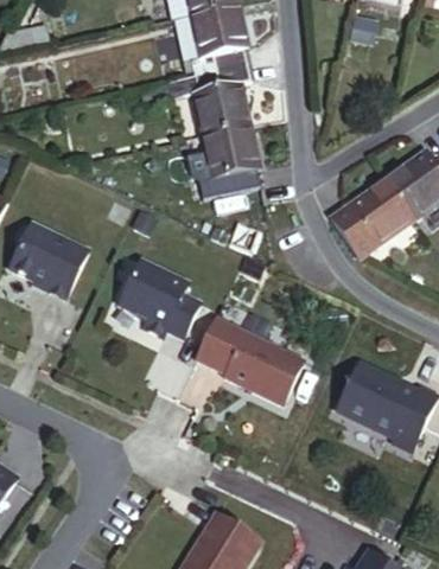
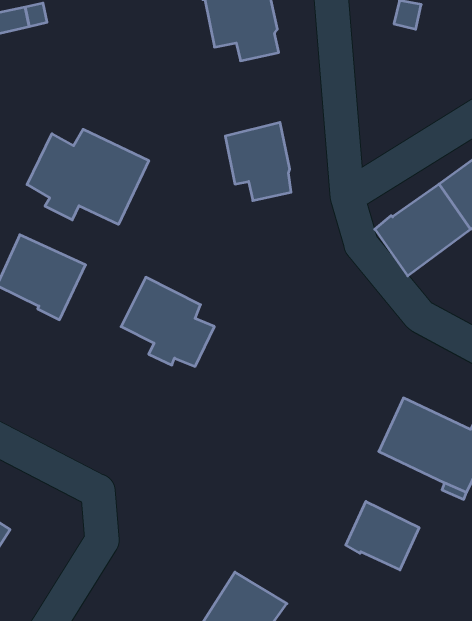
building: [142,65,253,138] -> none
building: none -> [27,129,149,224]
building: [192,317,300,404] -> none
building: none -> [346,501,419,570]

